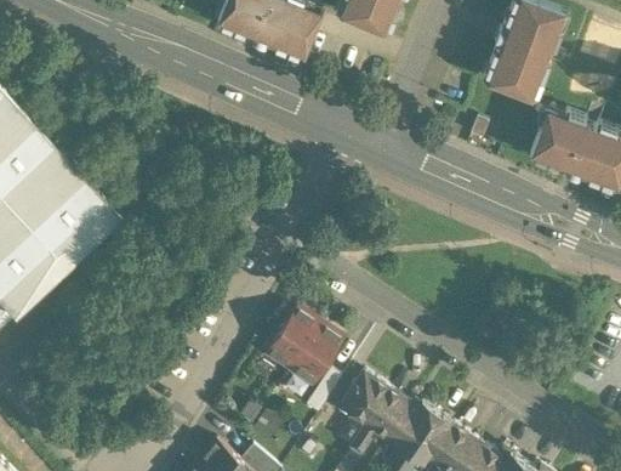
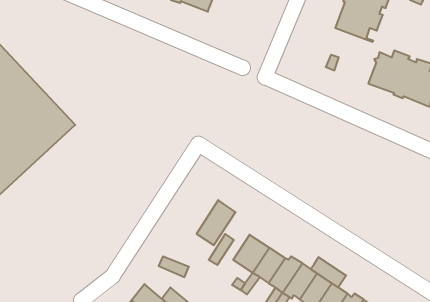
building: [264,307,319,370] -> none
building: none -> [311,257,346,287]

